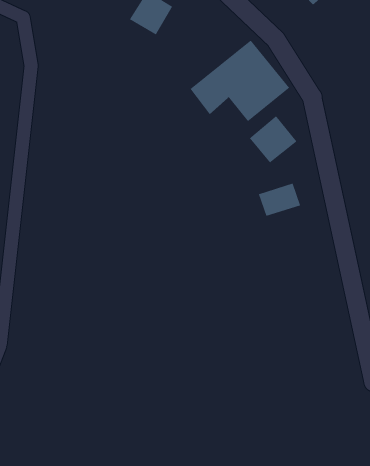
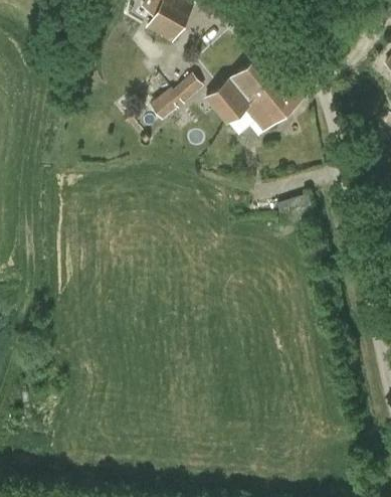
building: none -> [150,72,202,119]
building: [249,115,298,164] -> none

